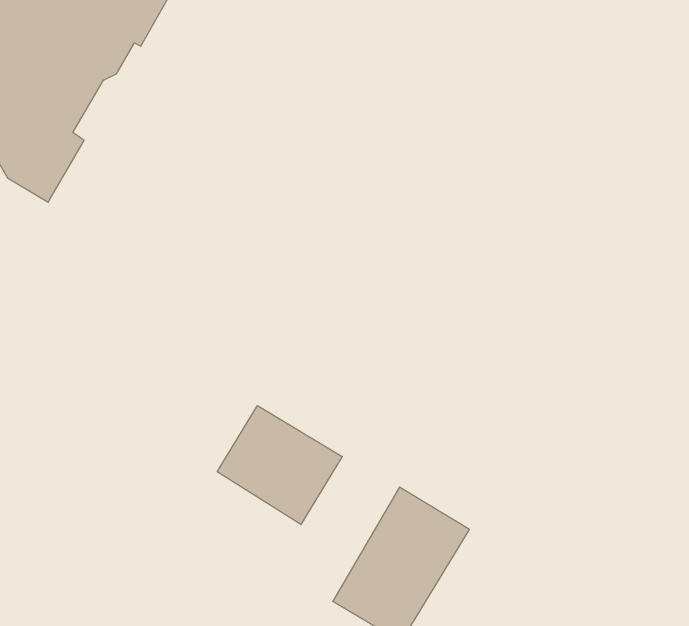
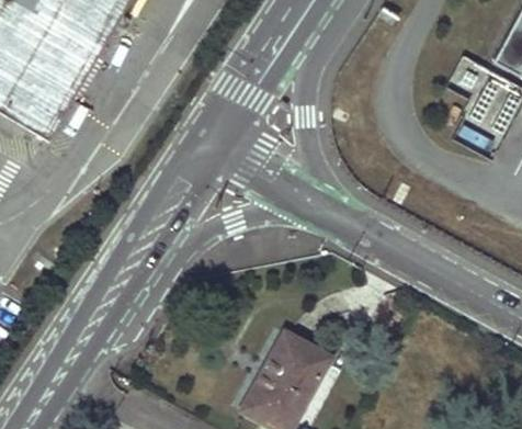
building: [217,406,342,525] -> none

